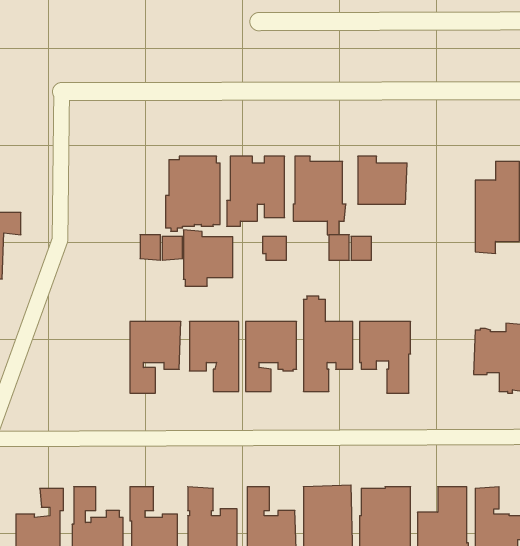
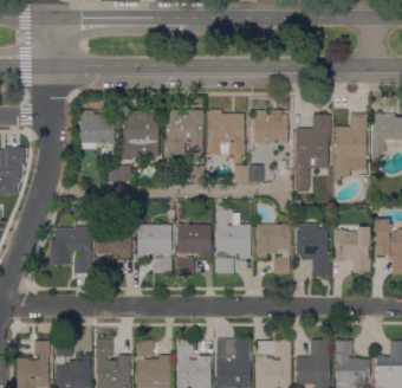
building: none -> [296,115,329,192]
building: [183,230,233,286] -> [80,110,115,149]
building: none -> [296,224,331,273]
building: none -> [54,227,91,273]

